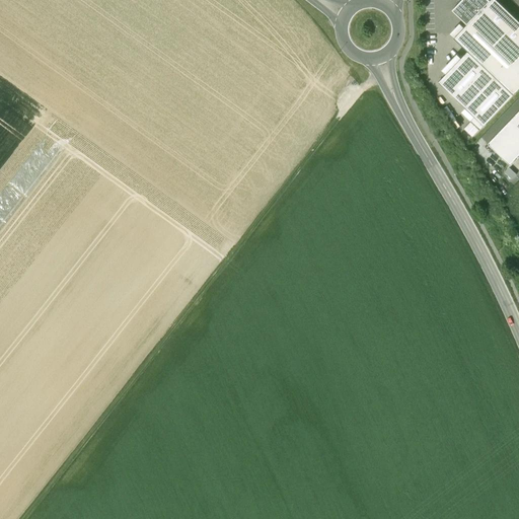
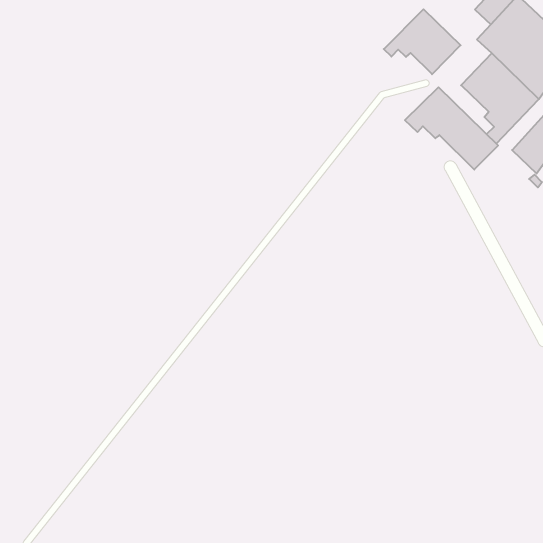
building: none -> [384,9,461,74]
building: none -> [405,87,498,170]

